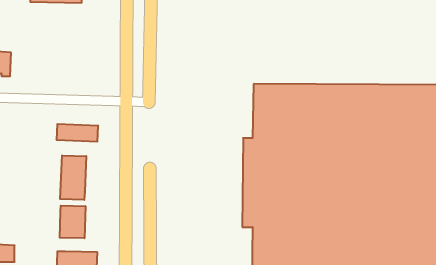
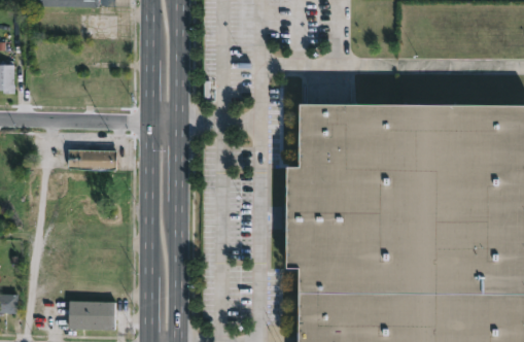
building: [60,155,86,200] -> none
building: [60,206,85,238] -> none

